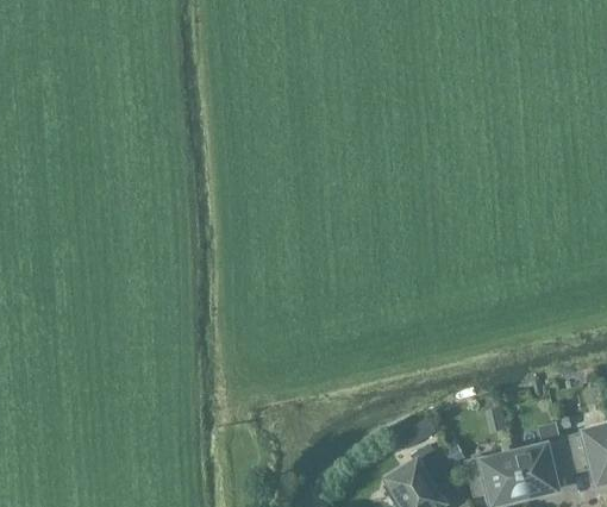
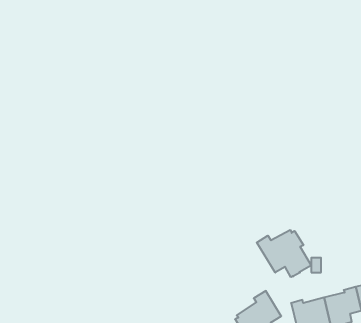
building: none -> [257,230,311,277]

